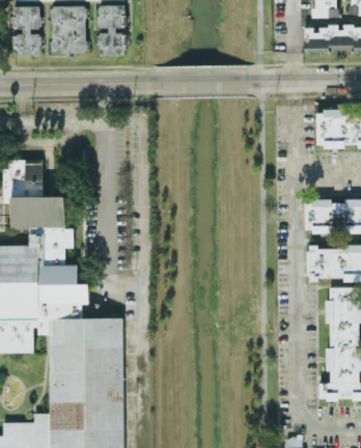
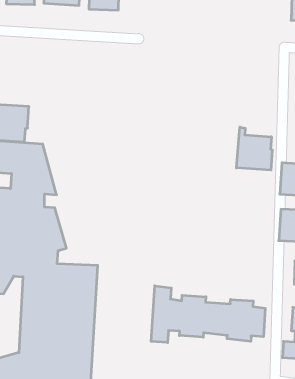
building: none -> [236,127,272,170]
building: none -> [151,286,265,343]

